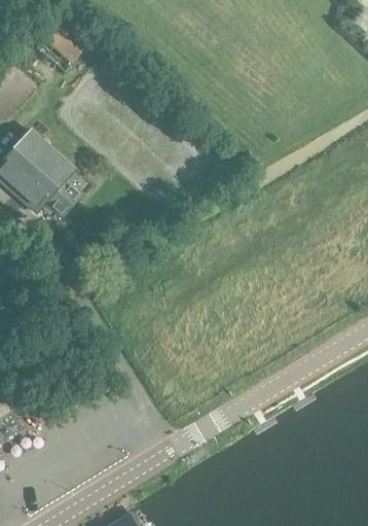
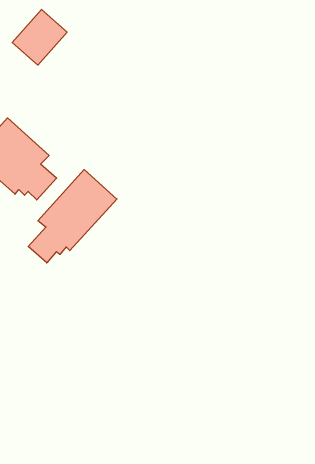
building: none -> [28,170,117,263]

